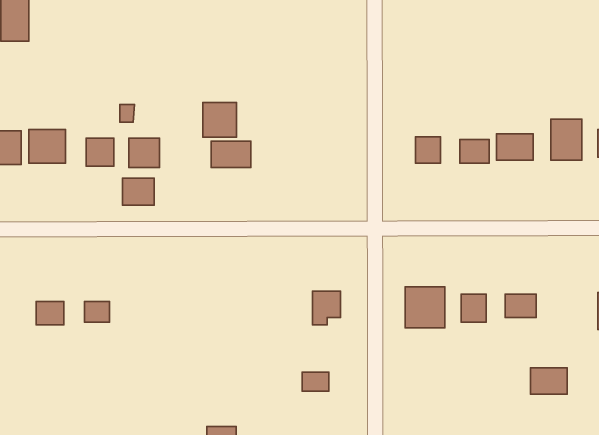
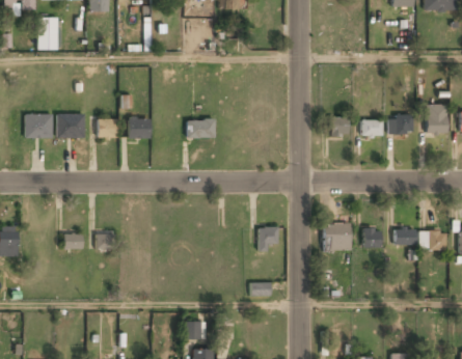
building: [203,102,236,137] -> none
building: [123,178,154,205] -> none
building: [530,368,567,394] -> [420,231,446,250]

